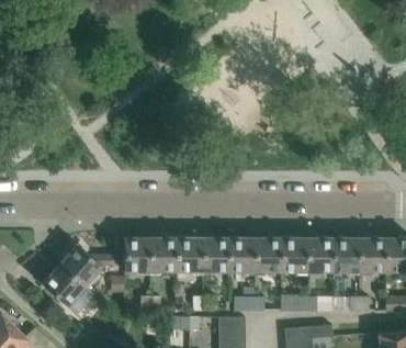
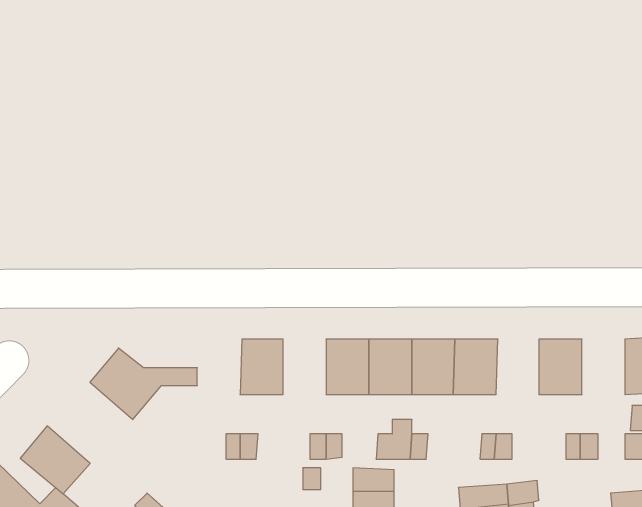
building: [123,238,150,272] -> none
building: [176,238,202,272] -> none
building: [306,238,332,272] -> none
building: [359,238,385,272] -> none
building: [41,265,83,306] -> [20,426,90,494]

